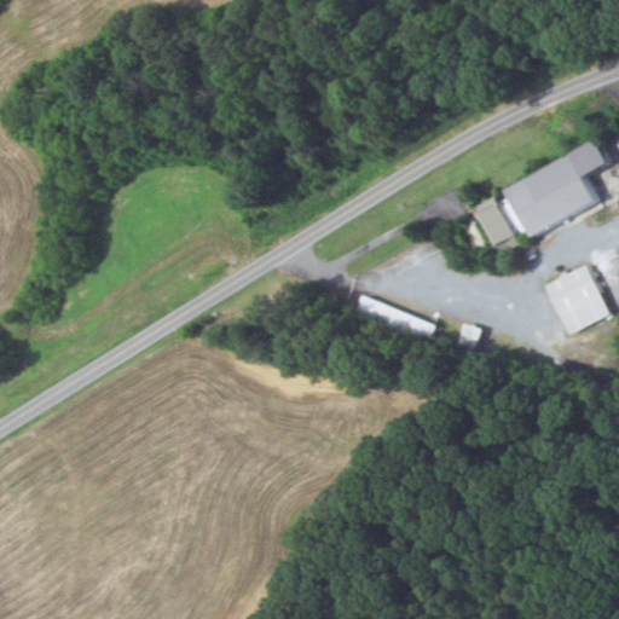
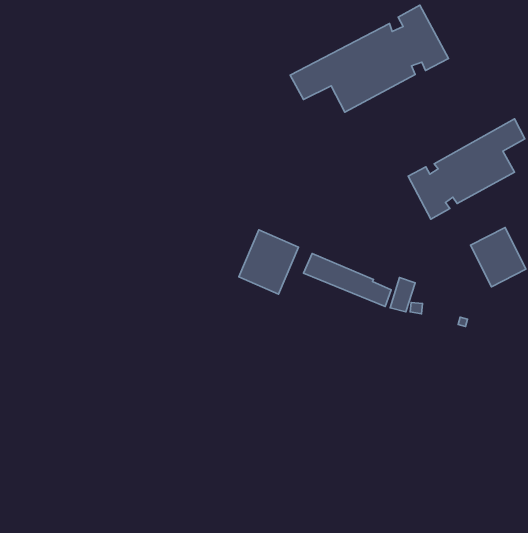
building: none -> [290,5,449,112]
building: none -> [239,230,298,294]

